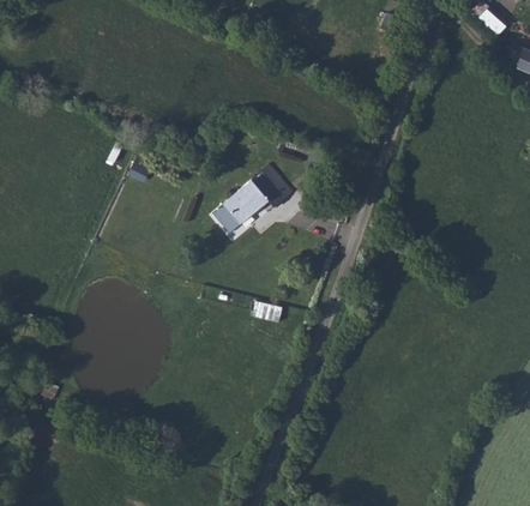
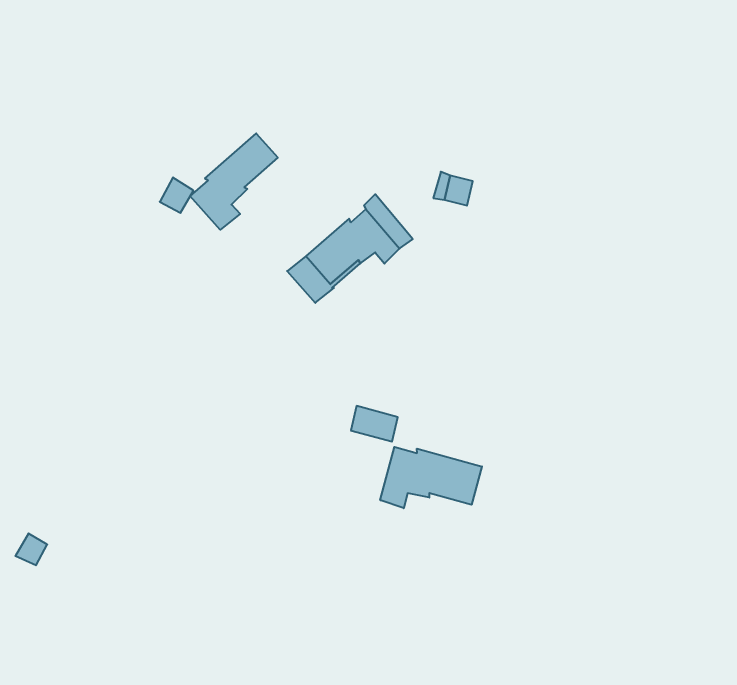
building: none -> [190,133,278,230]
building: none -> [380,447,482,508]

